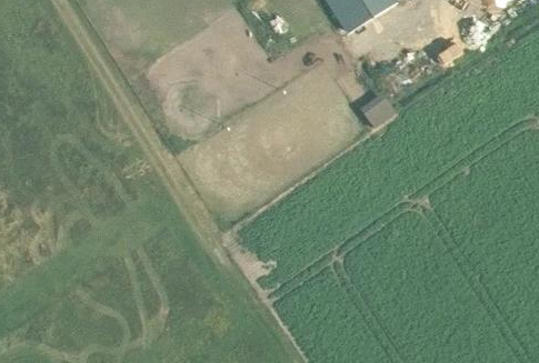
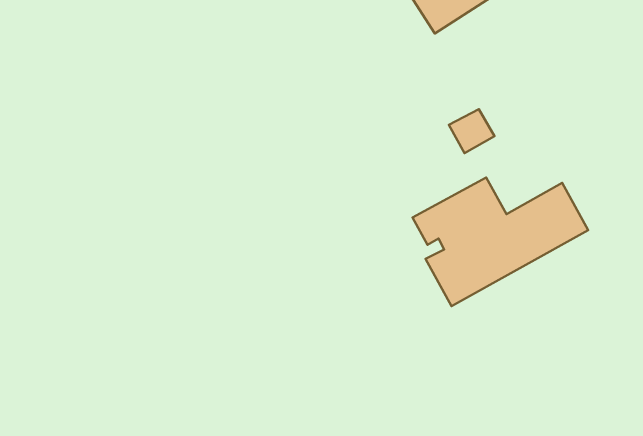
building: none -> [413,178,588,306]

